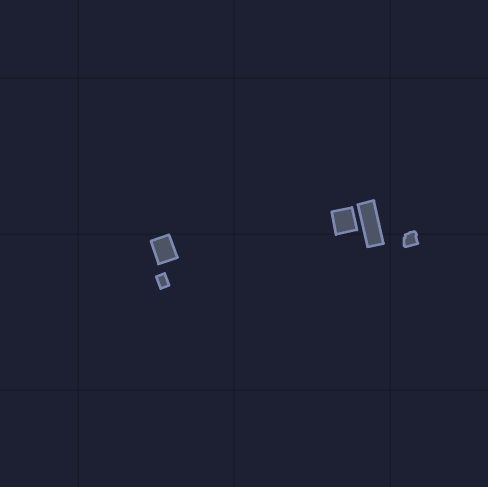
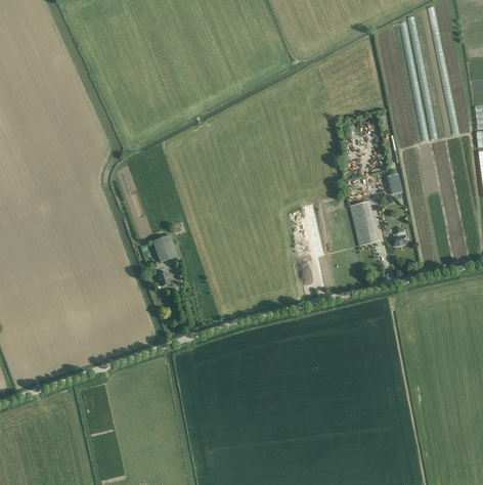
building: [332,207,357,235] -> none

